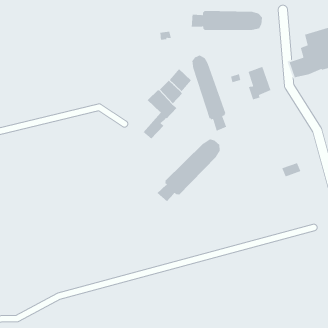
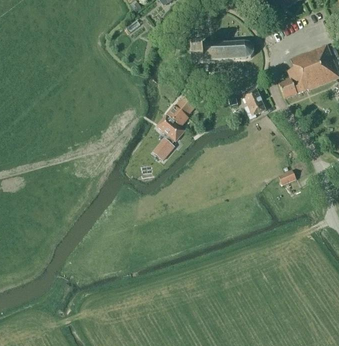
building: [192,55,227,132] -> none
building: [157,139,220,202] -> none

